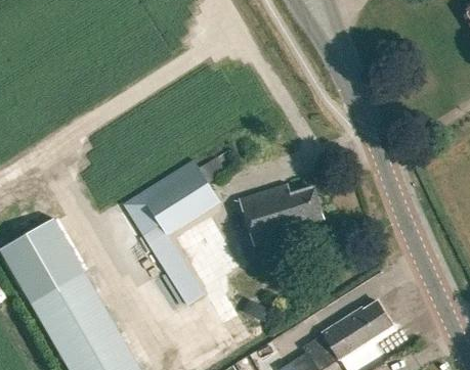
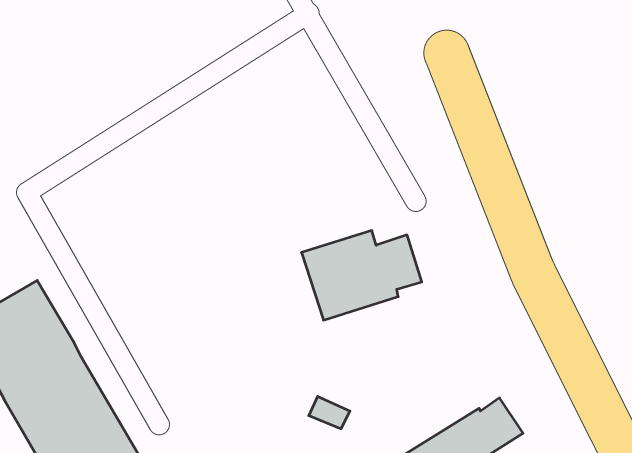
building: [123,160,217,304] -> none

